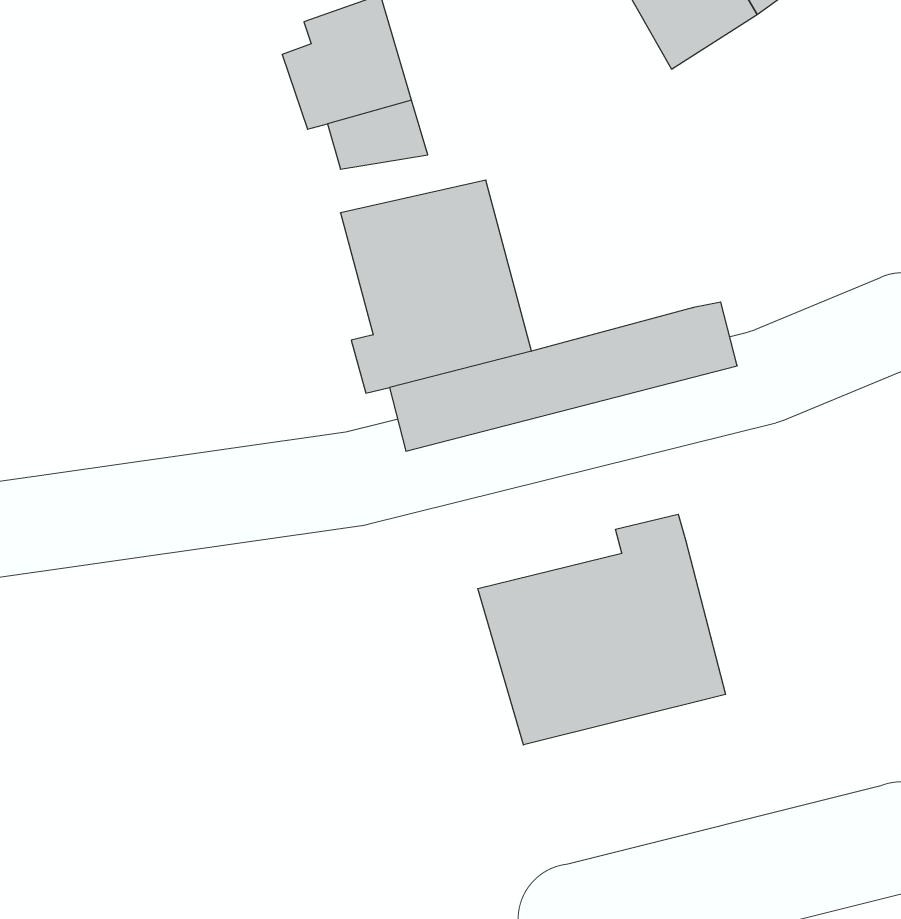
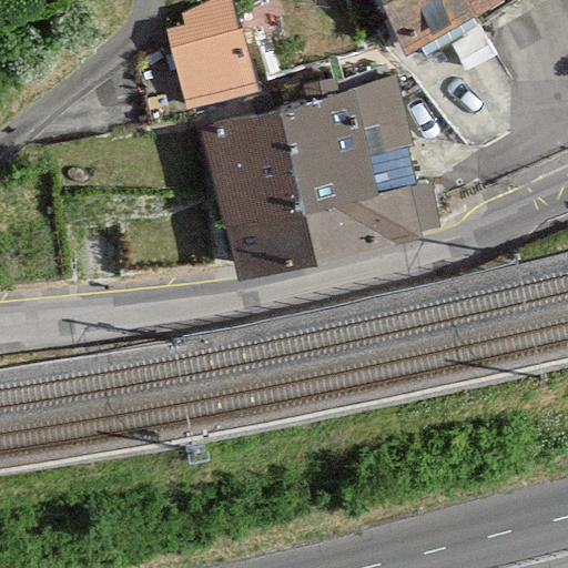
building: none -> [296,78,423,214]
building: [478,514,726,745] -> none

